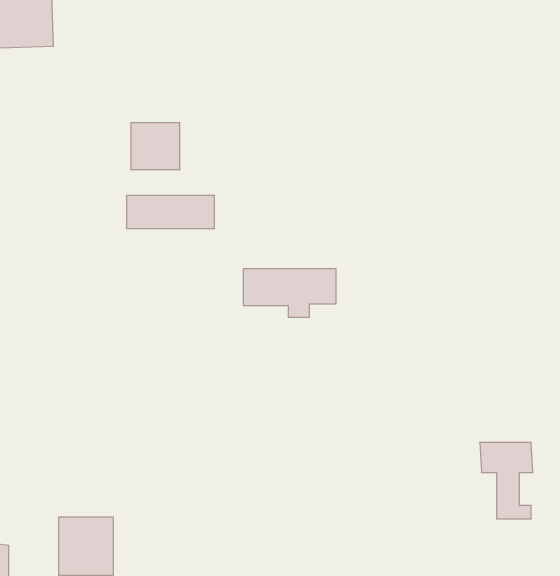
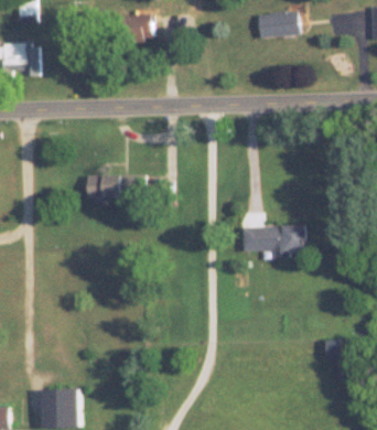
building: [131,122,179,170] -> none
building: [243,269,336,317] -> [244,226,305,258]

